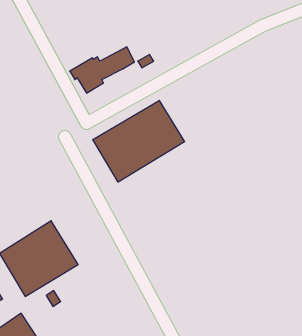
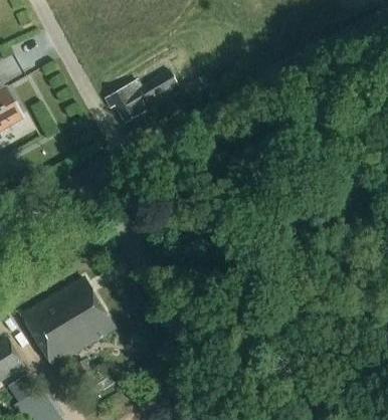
building: [93,100,184,182] -> none

